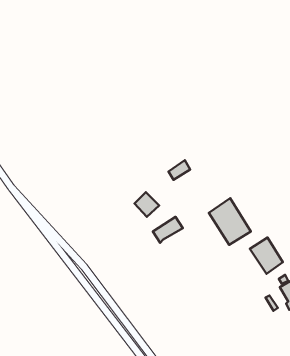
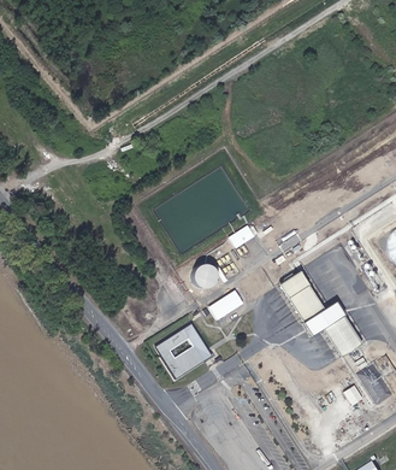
building: none -> [154,323,212,380]

